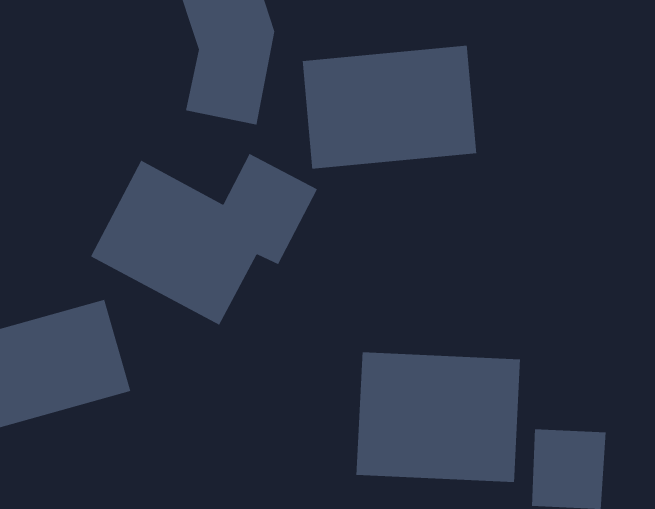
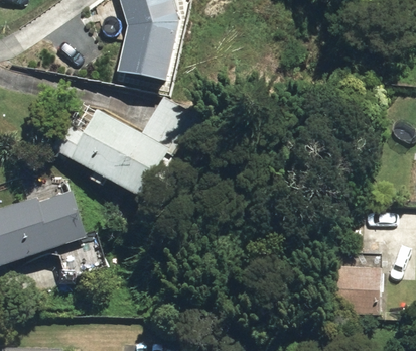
building: [302,45,477,170] -> none
building: [356,351,521,483] -> none

